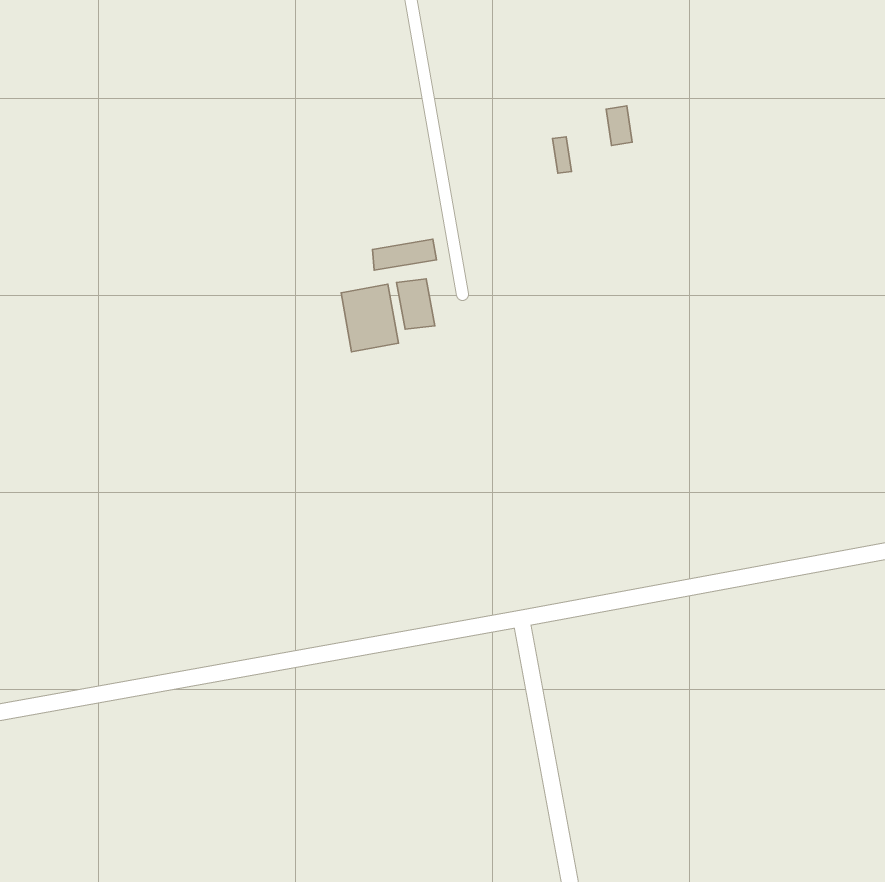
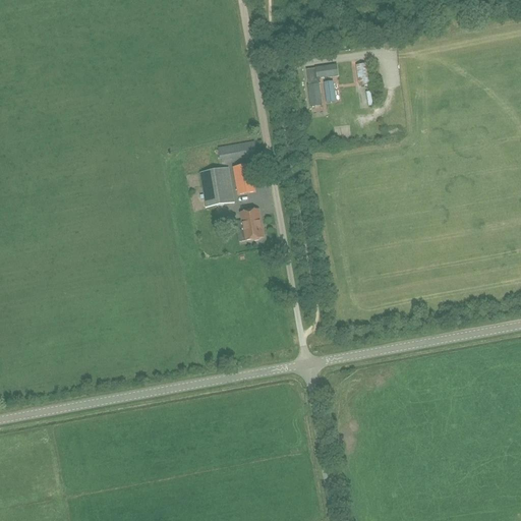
building: none -> [306,63,338,106]
building: none -> [240,209,263,240]

